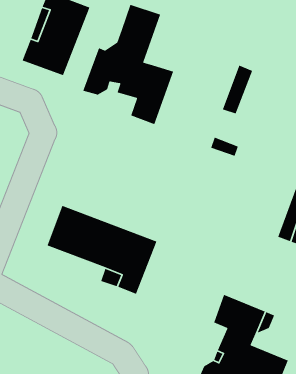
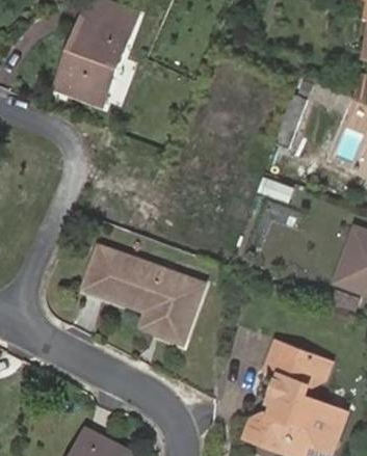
building: [82,4,174,125] -> none

